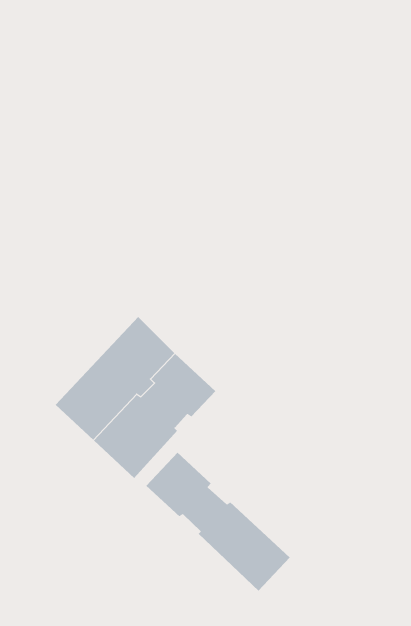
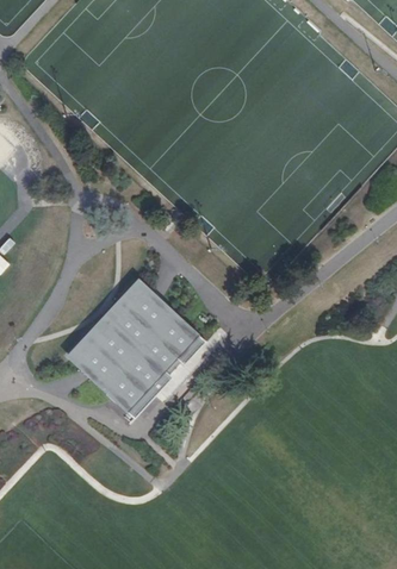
building: [146,452,290,591] -> none

